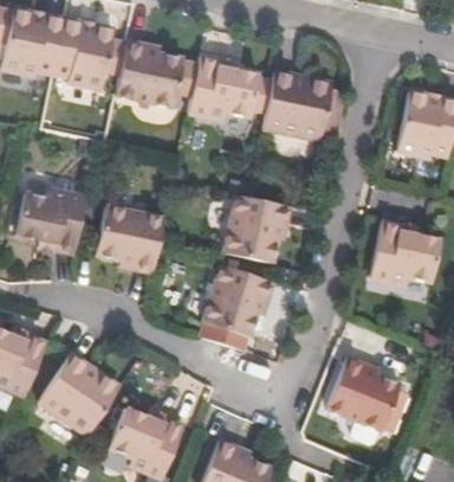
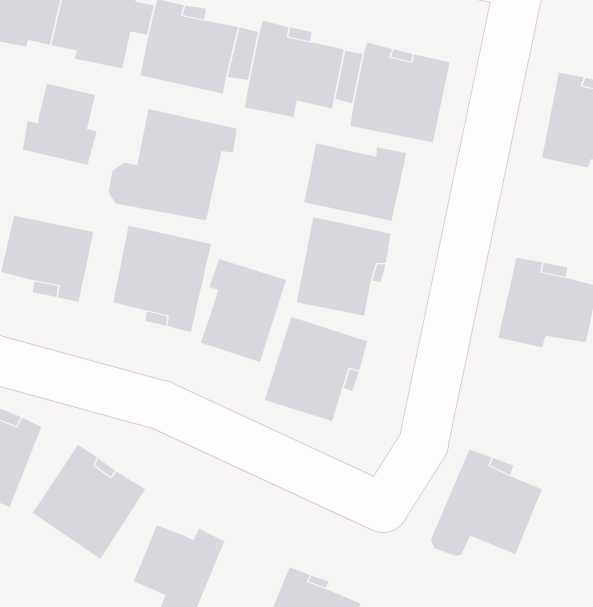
building: none -> [22,83,98,166]
building: none -> [108,108,237,221]
building: none -> [303,142,407,222]
building: none -> [200,258,287,363]

